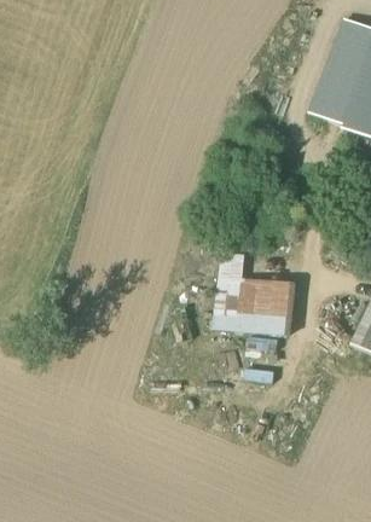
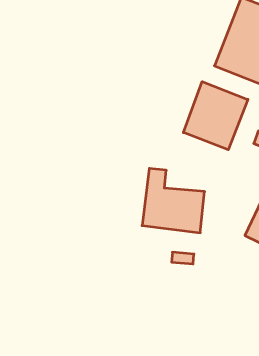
building: none -> [183,82,248,150]

